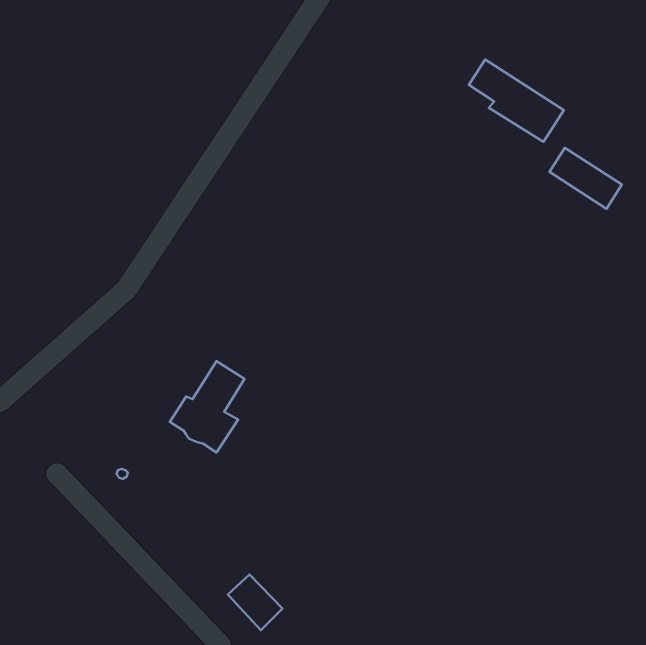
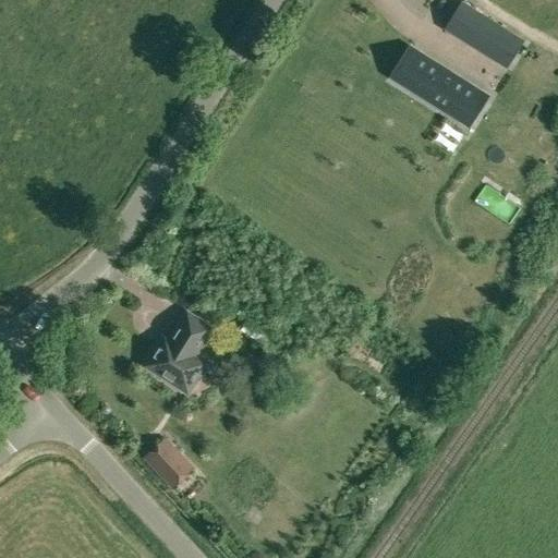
building: [550,148,622,209] -> [453,17,515,70]
building: [228,574,282,630] -> [144,437,191,485]

